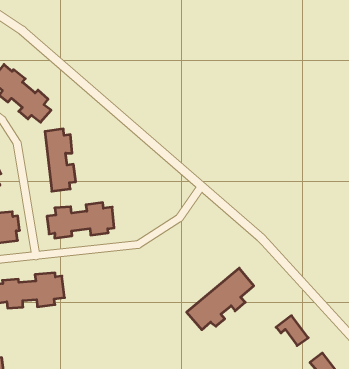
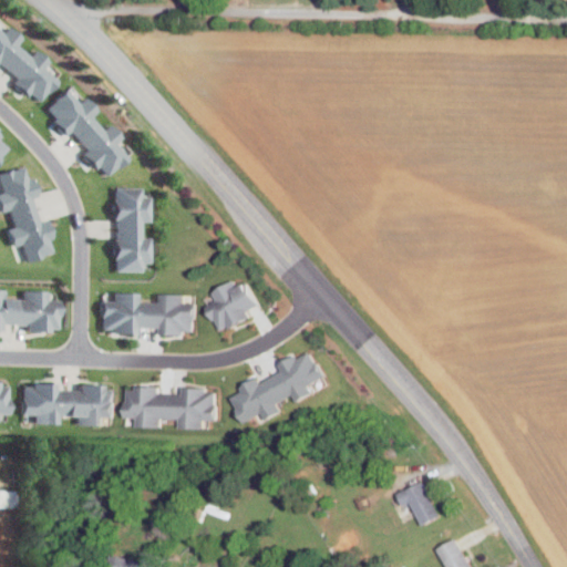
building: none -> [207,281,258,331]
building: none -> [123,384,218,430]
building: [187,268,254,330] -> [231,343,328,421]

